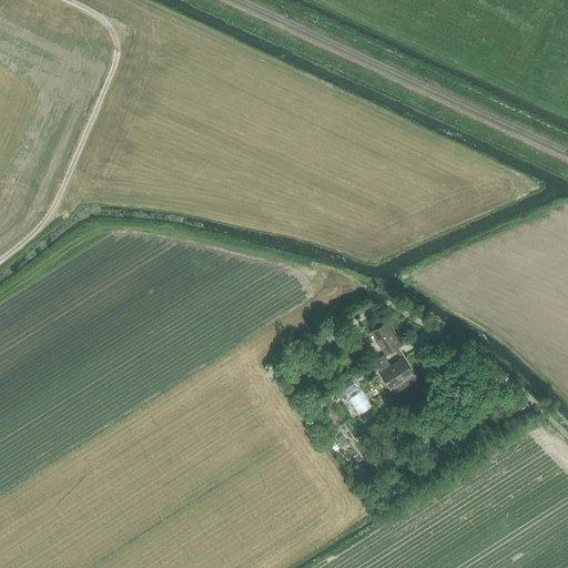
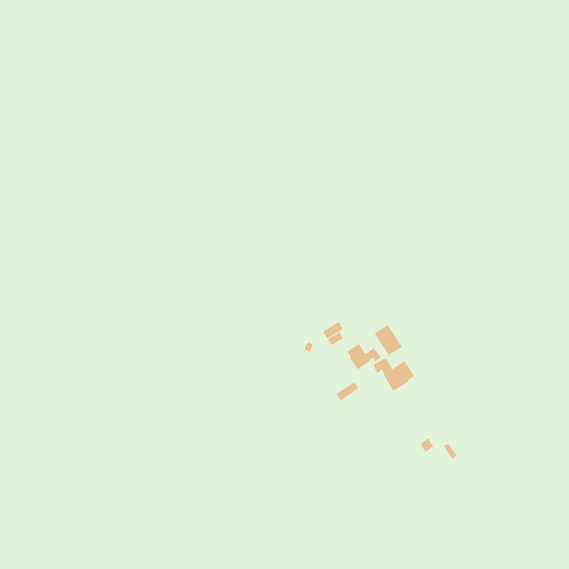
building: none -> [347,343,381,370]

